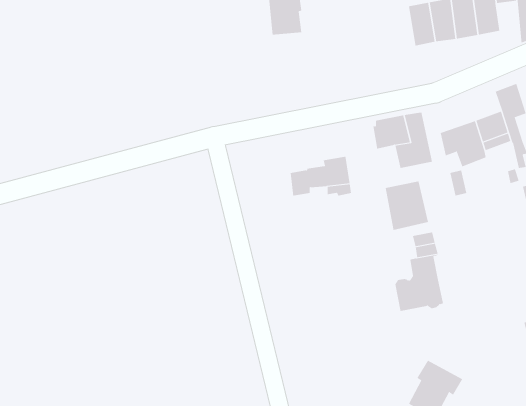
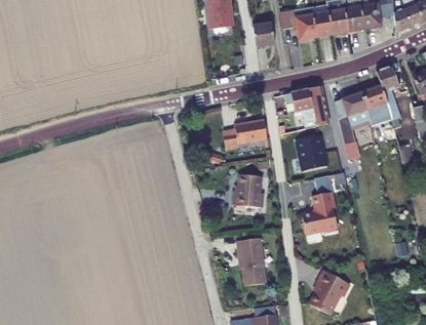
building: none -> [279,7,316,39]
building: none -> [253,24,274,46]
building: none -> [232,174,264,207]
building: none -> [236,238,266,285]

